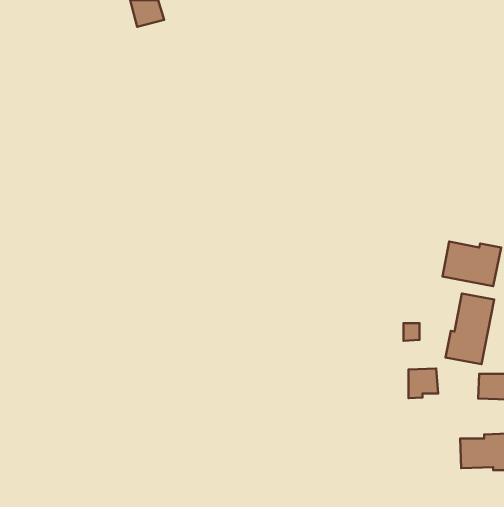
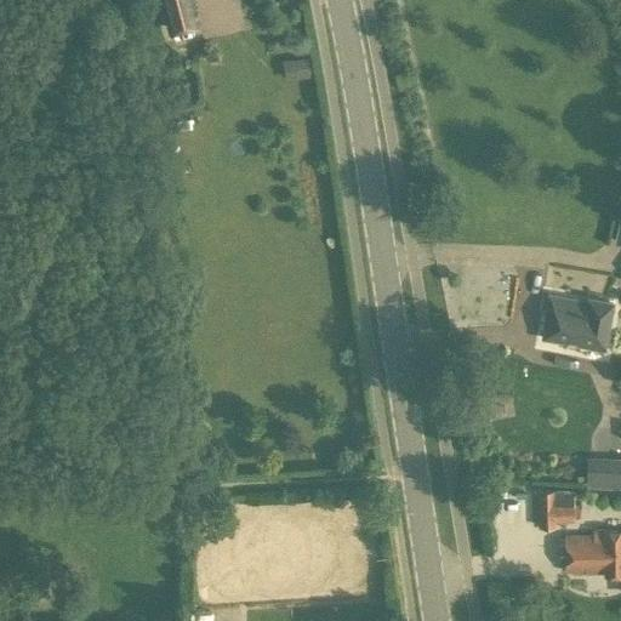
building: [446,293,494,364] -> none
building: [408,369,438,398] -> [541,491,577,528]

